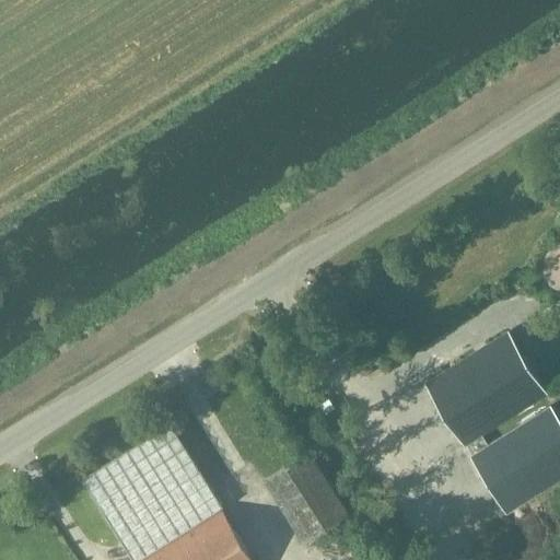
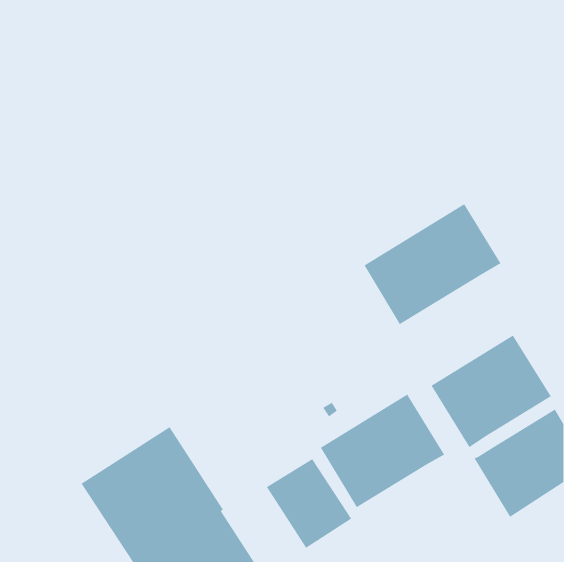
building: none -> [363,203,501,325]
building: none -> [320,393,445,508]

